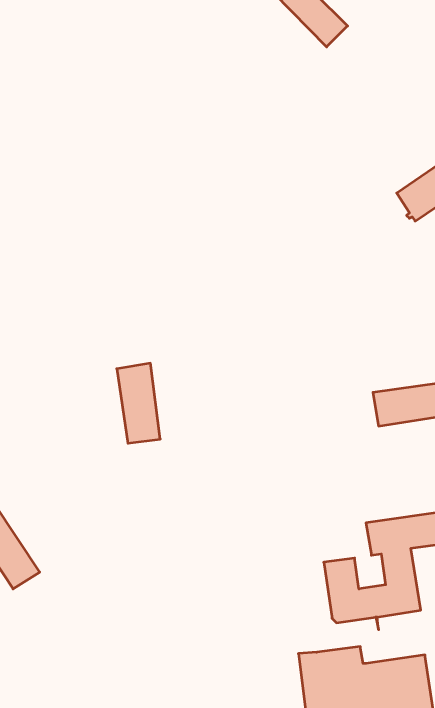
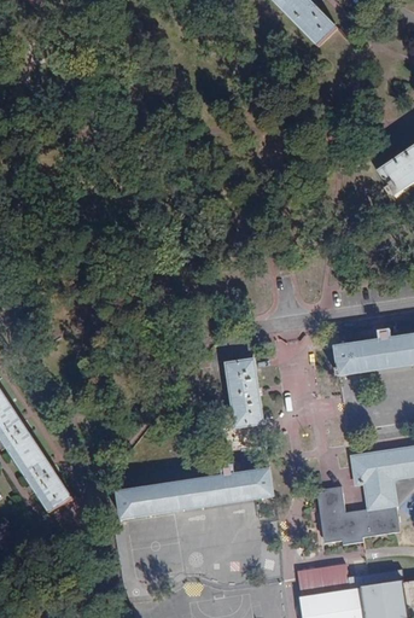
building: [117,363,160,443] -> [225,358,262,427]
building: none -> [334,343,362,375]
building: none -> [116,468,274,519]

